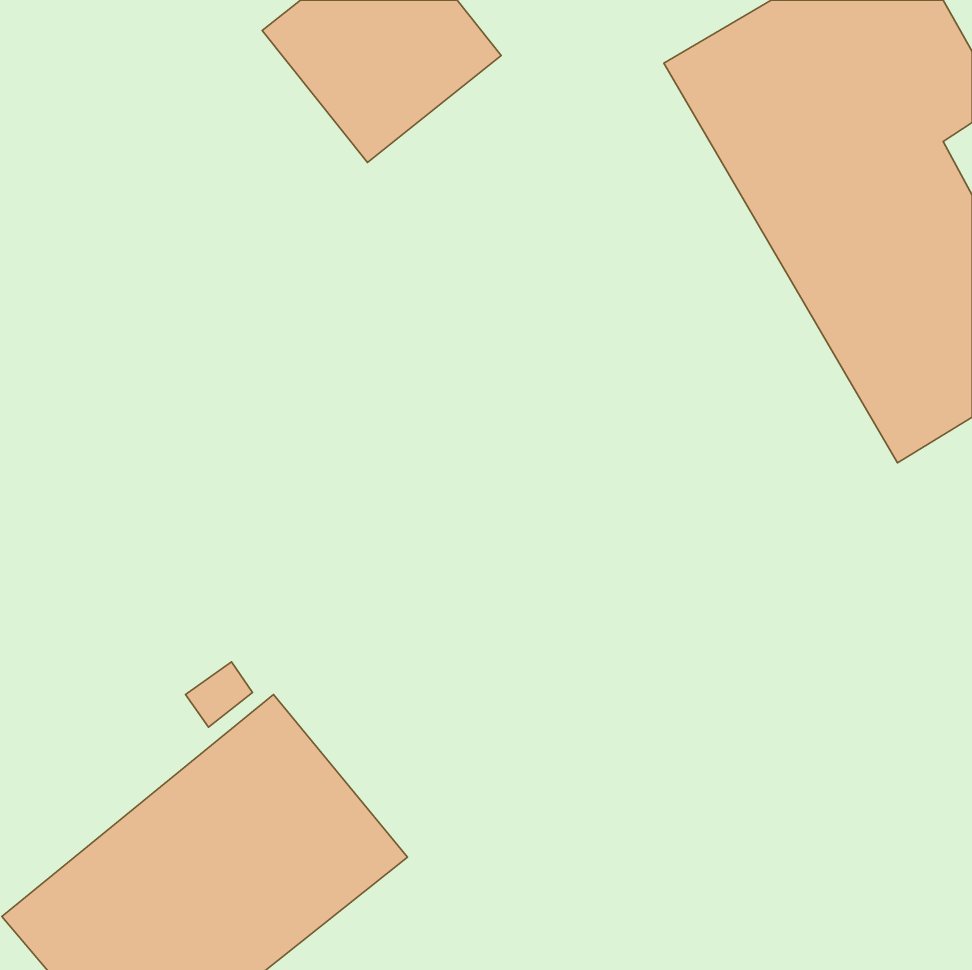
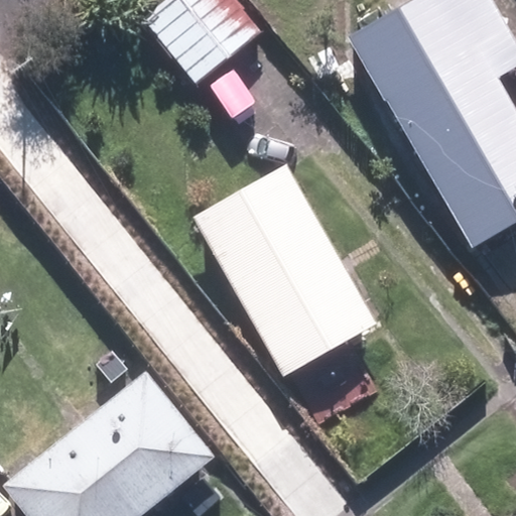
building: none -> [196,163,378,376]

